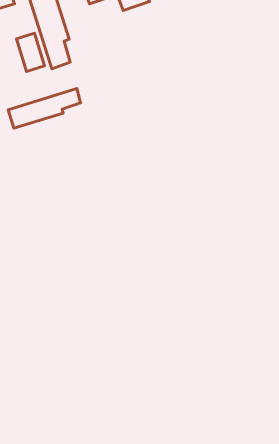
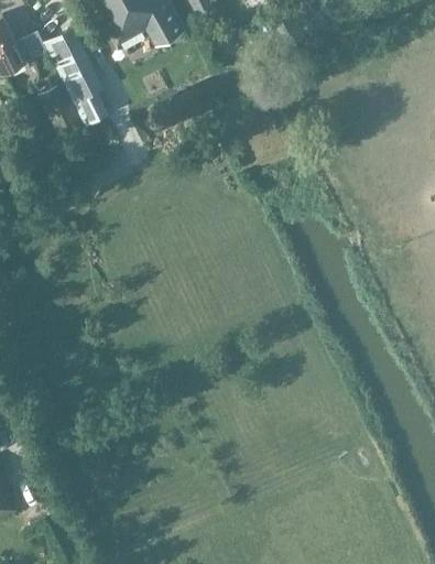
building: [8,89,81,128] -> none

